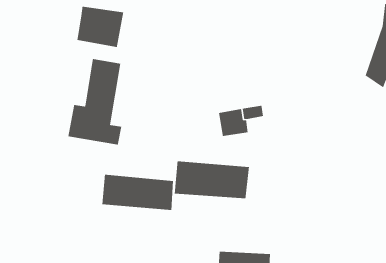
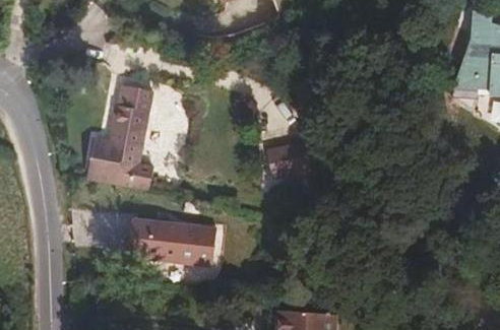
building: [77,6,124,48] -> none
building: [174,160,249,199] -> none

